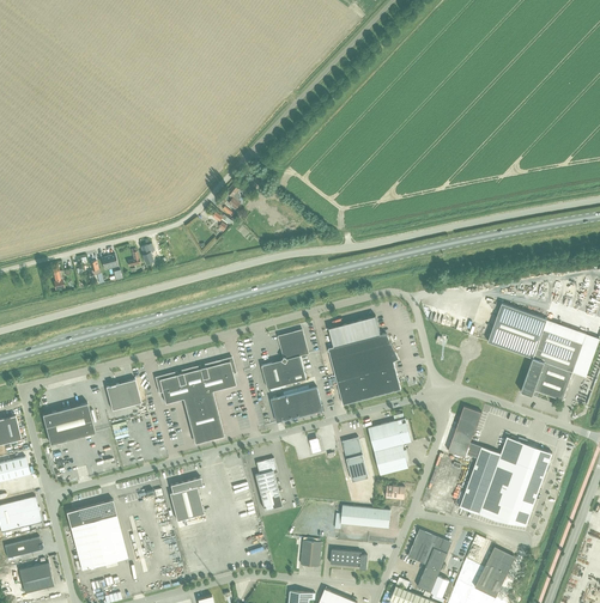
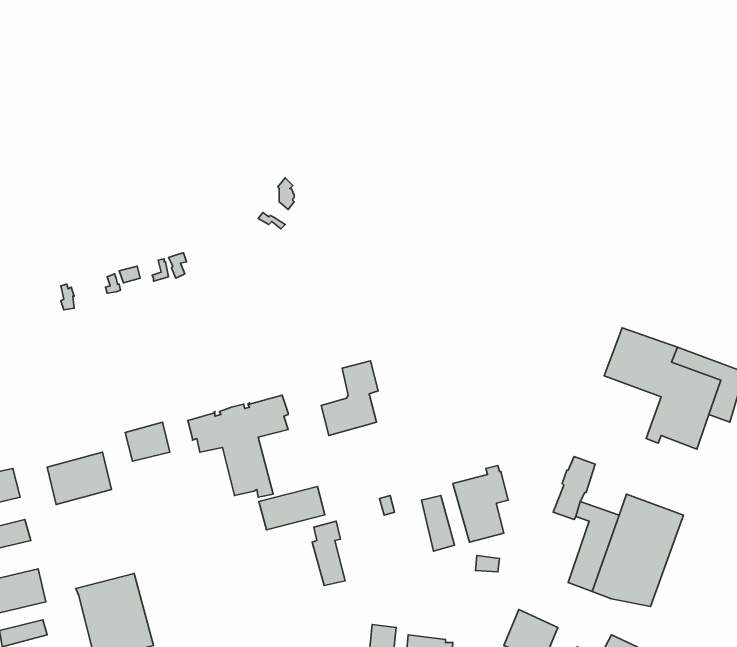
building: [327,316,400,406] -> none
building: [269,388,322,422] -> [259,486,325,530]
building: [169,477,202,520] -> none
building: [334,506,389,529] -> none

